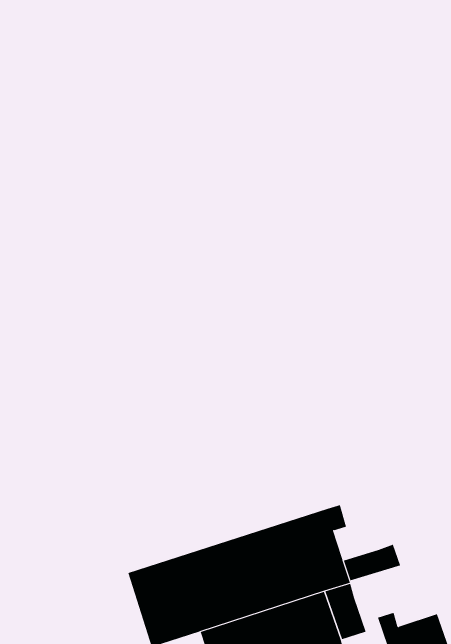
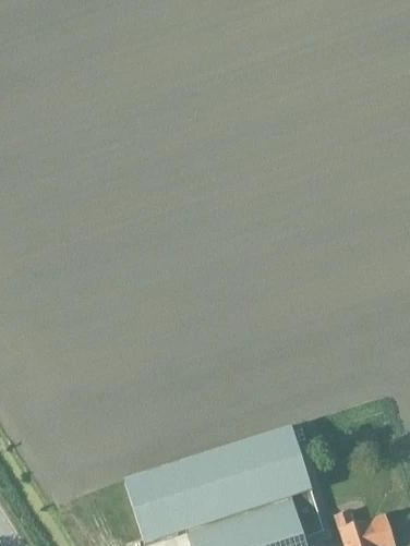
building: [343,544,401,581] -> none

